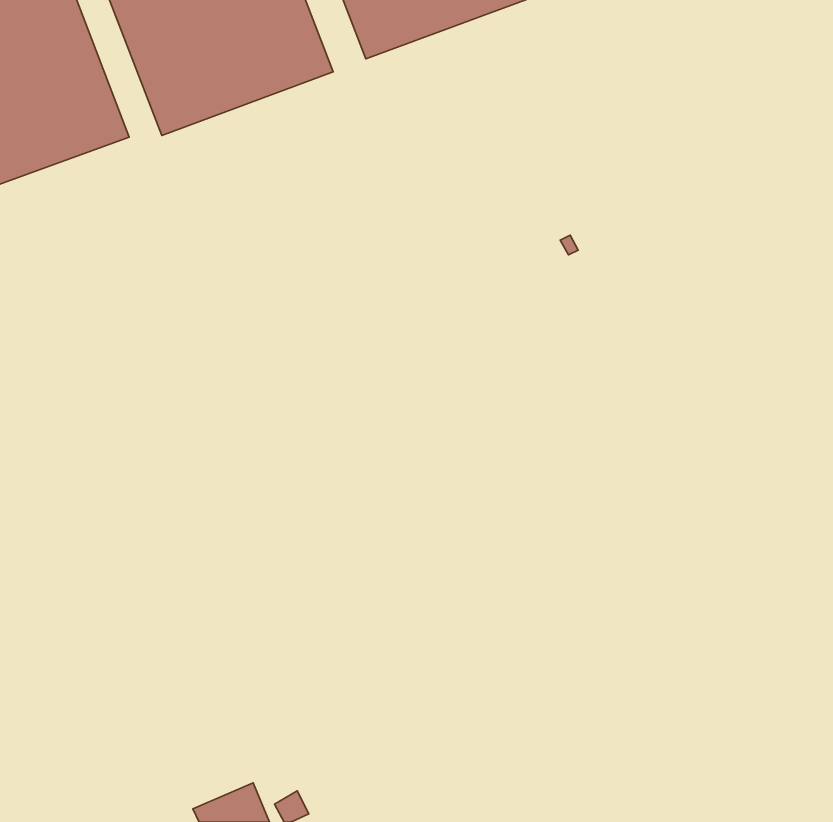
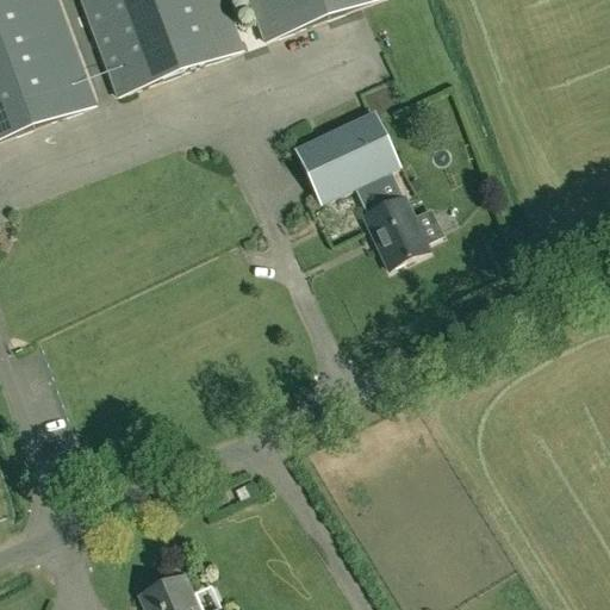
building: none -> [292,104,397,197]
building: none -> [360,172,443,266]

